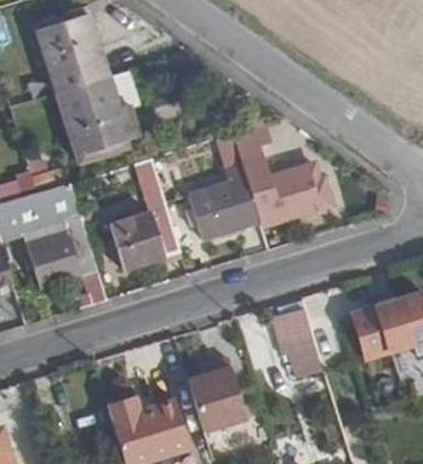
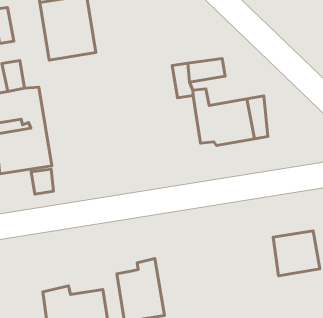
building: [105,159,179,270] -> none
building: [185,182,258,241] -> none
building: [274,308,318,382] -> none

